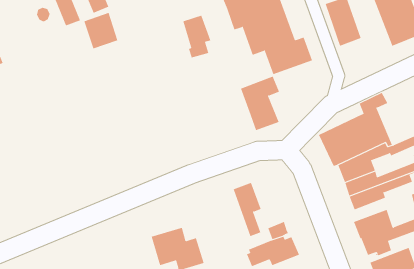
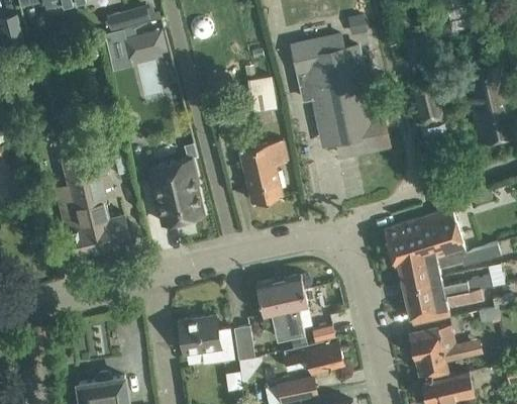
building: [240,76,280,131] -> [241,143,286,203]
building: none -> [149,159,202,225]
building: none -> [55,146,130,258]
building: none -> [255,280,290,339]
building: none -> [232,326,254,363]

